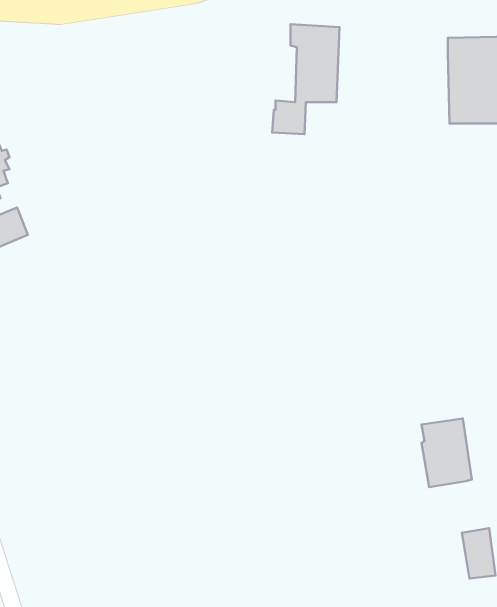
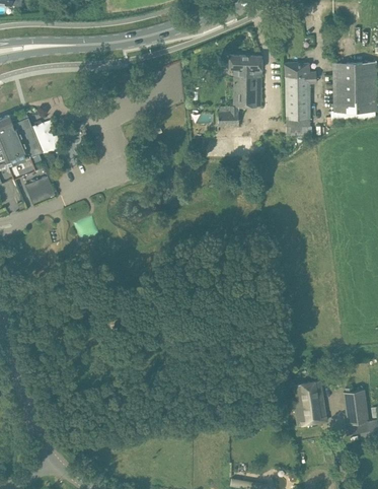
building: none -> [284,62,316,135]
building: [421,418,472,487] -> [293,379,326,425]

